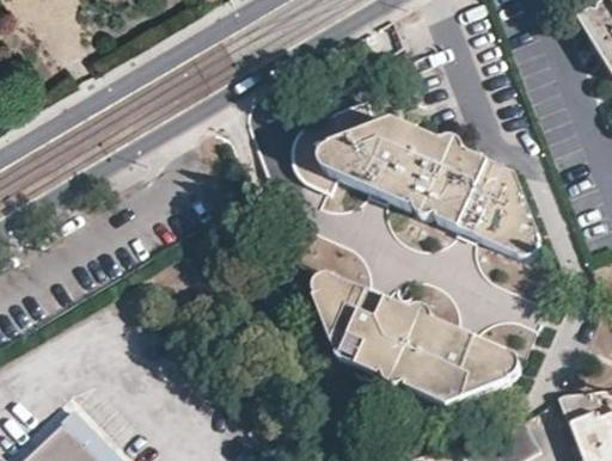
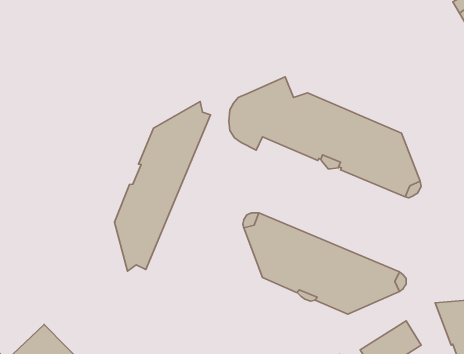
building: none -> [114,101,211,271]

